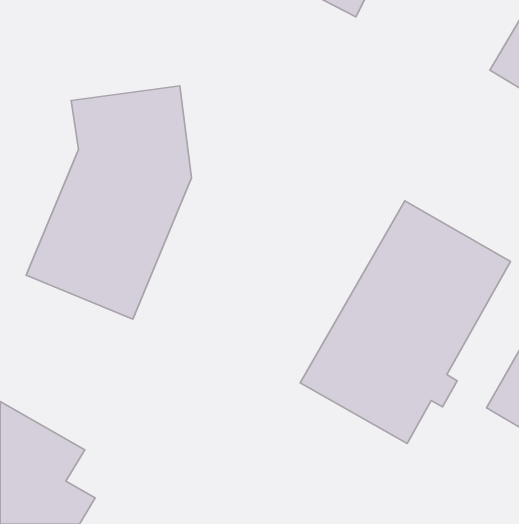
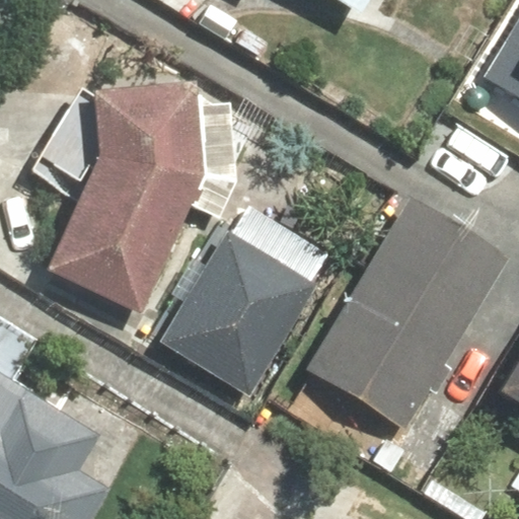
building: none -> [162,229,321,396]

